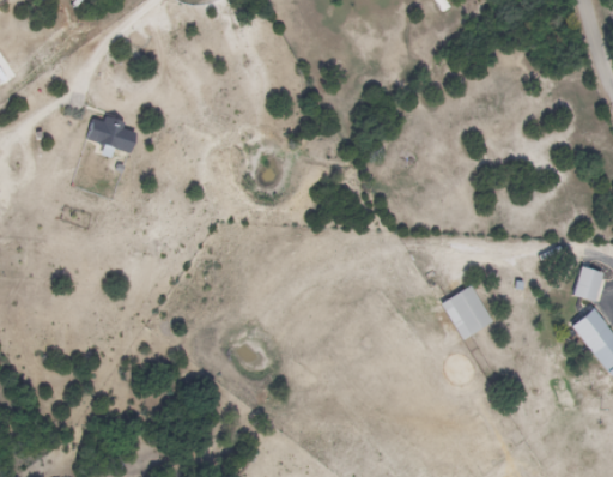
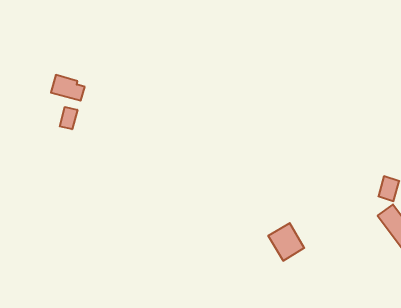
building: none -> [60,107,77,129]
building: [441,284,494,340] -> [268,223,304,261]

